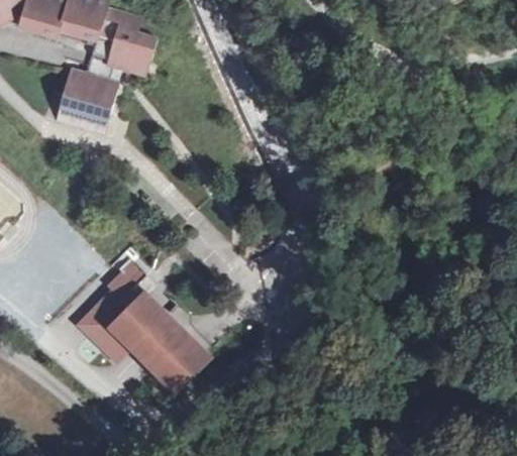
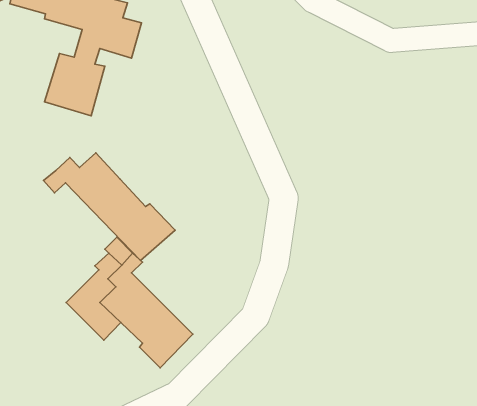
building: none -> [43,153,175,260]

